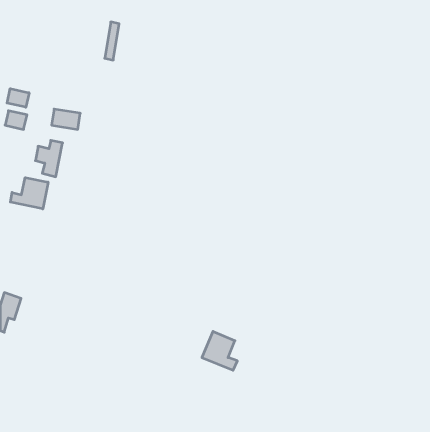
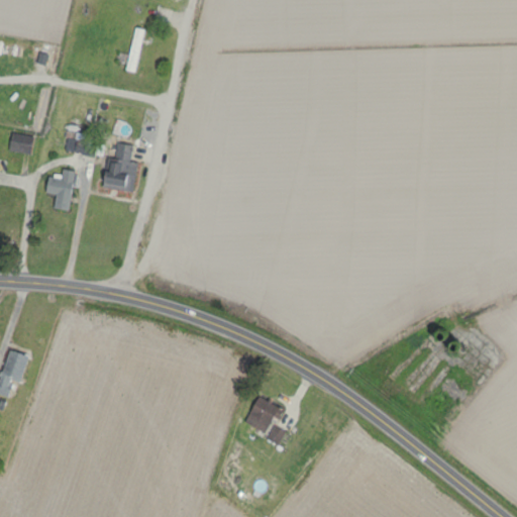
building: [7,89,29,107] -> none
building: none -> [101,142,138,192]
building: [10,178,48,209] -> none

